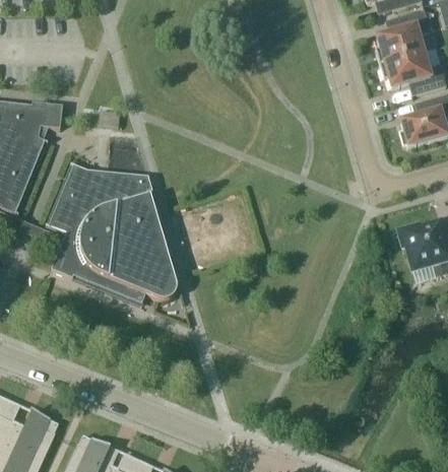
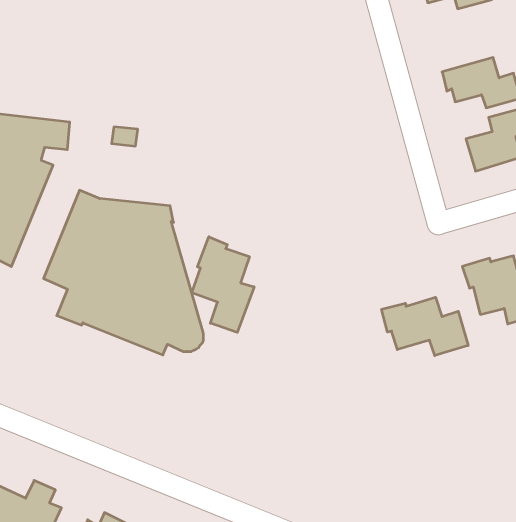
building: [374,8,430,62] -> none
building: none -> [192,237,254,332]
building: none -> [382,297,468,356]

